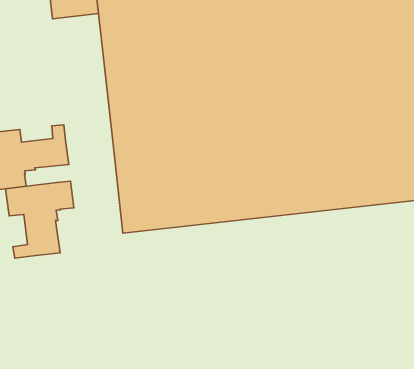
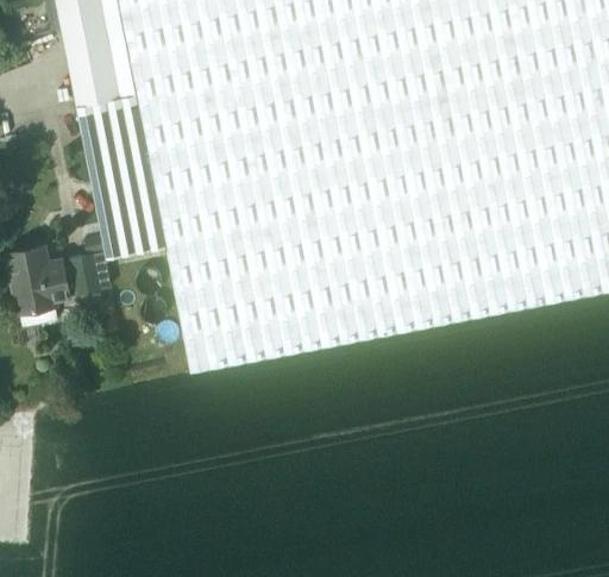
building: none -> [75,83,167,257]
building: [6,181,74,258] -> none

